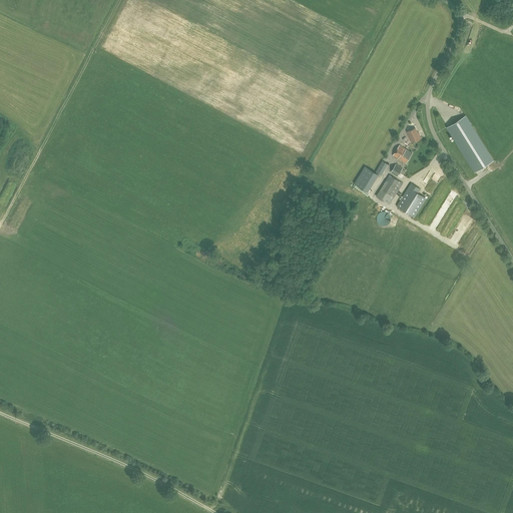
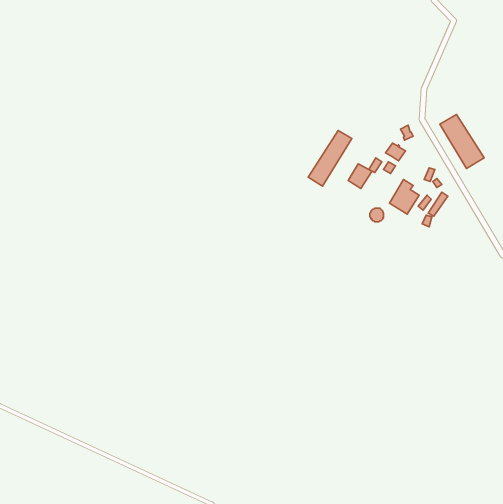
building: none -> [308,130,352,186]
building: [375,175,402,204] -> none

